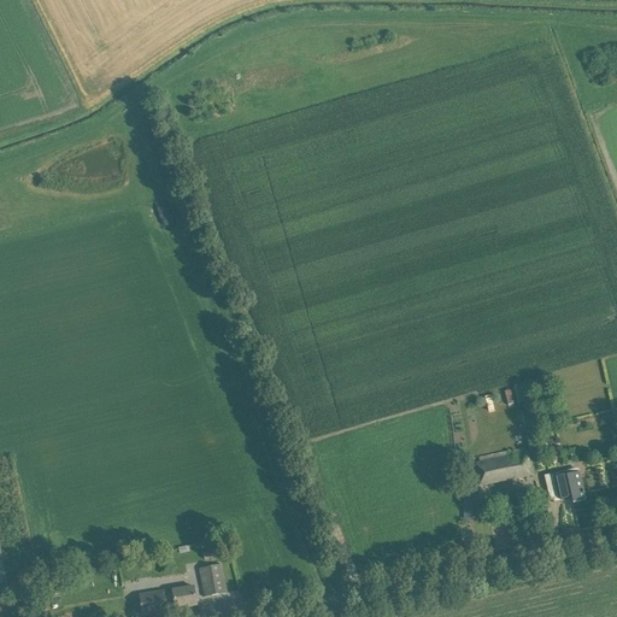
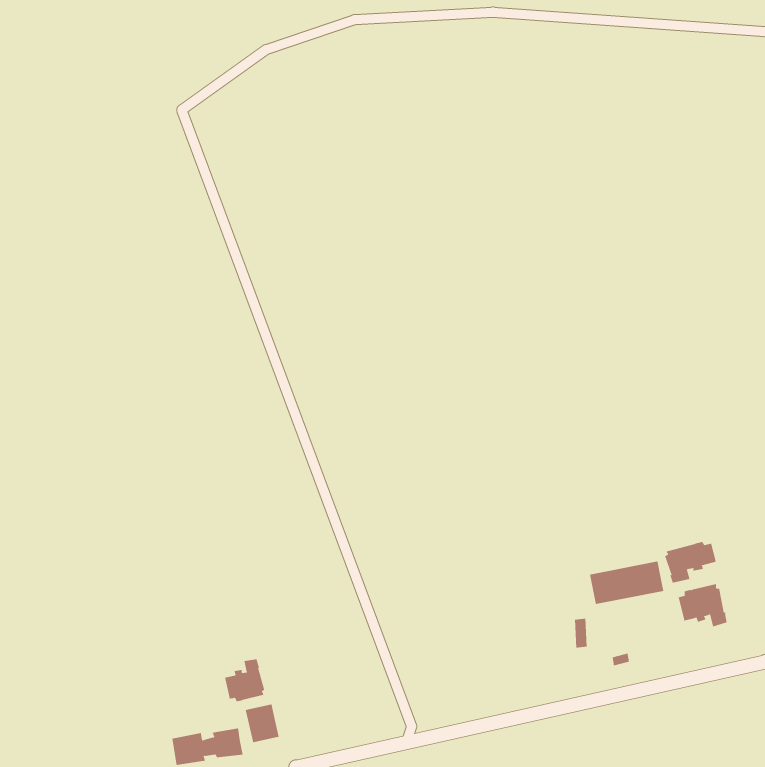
building: none -> [664,541,716,583]
building: none -> [225,658,265,702]

